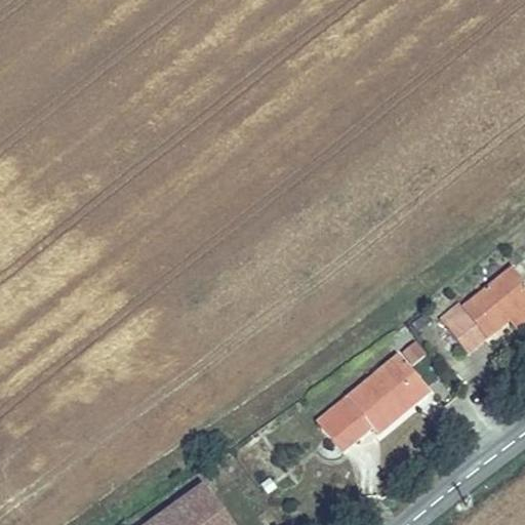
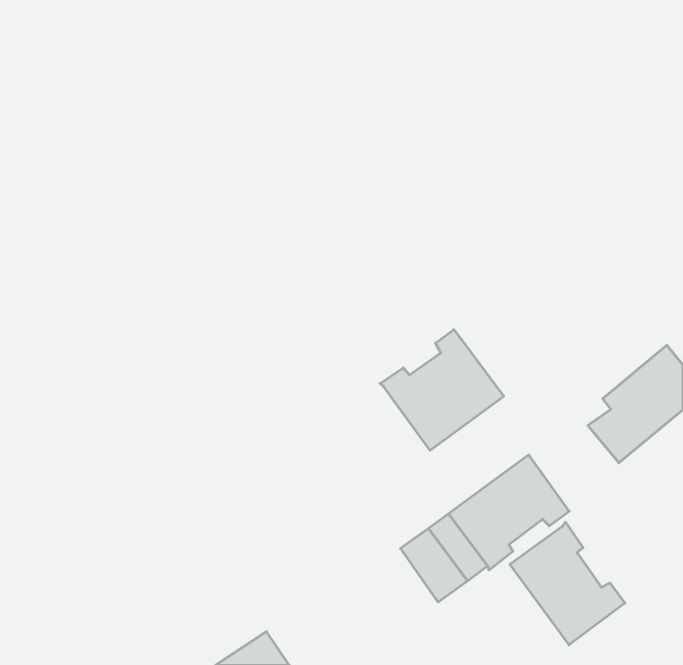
building: none -> [380,330,504,450]
building: none -> [510,522,625,645]

